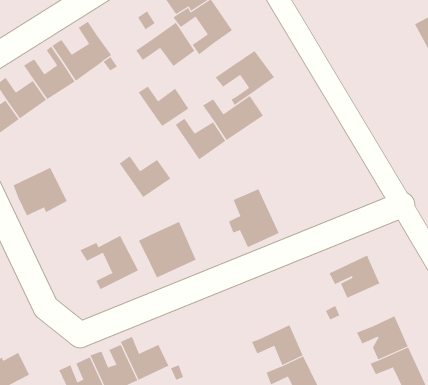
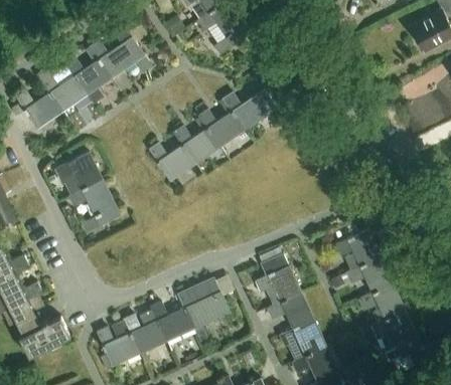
building: [135,22,195,67] -> none
building: [215,50,275,106] -> none
building: [138,86,189,127] -> [174,127,219,163]
building: [228,189,279,248] -> [255,252,300,305]
building: [138,221,196,278] -> [177,277,229,328]
building: [80,235,139,290] -> [67,183,120,231]
building: none -> [345,255,393,293]

